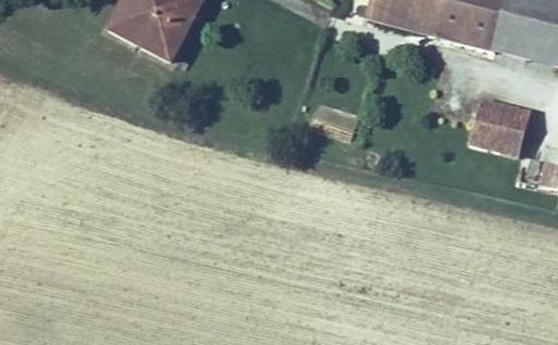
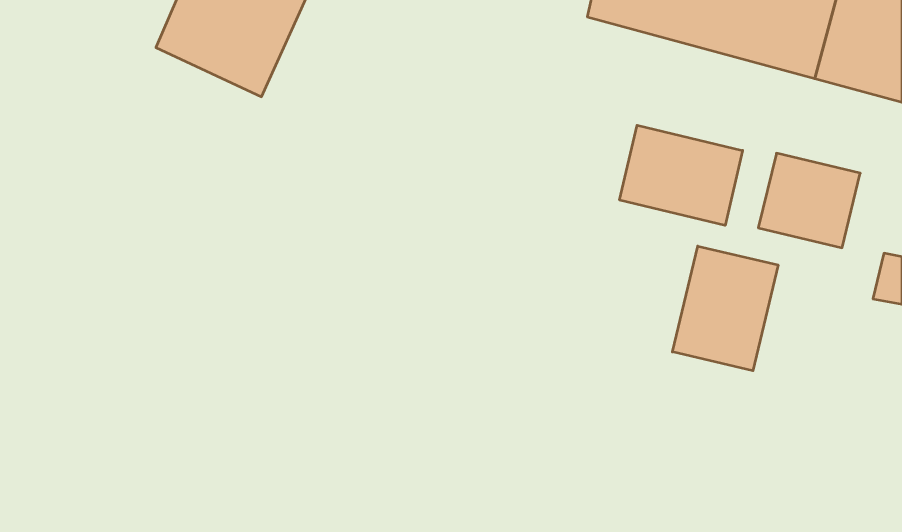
building: none -> [620,125,743,225]
building: none -> [672,246,778,371]

